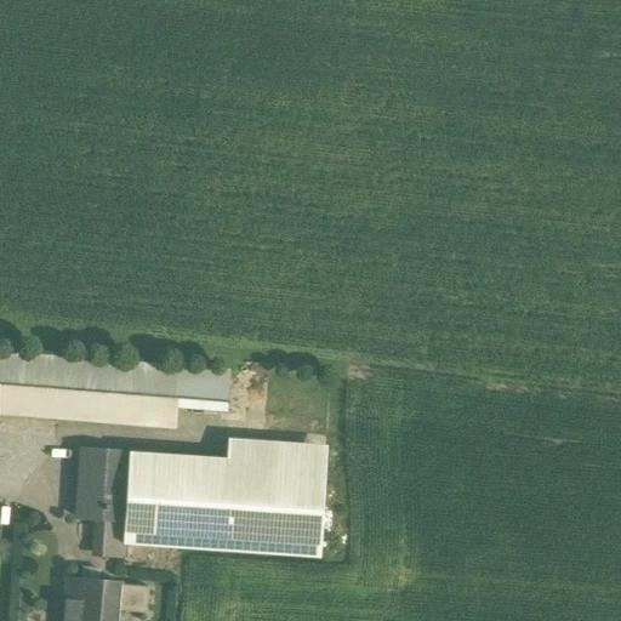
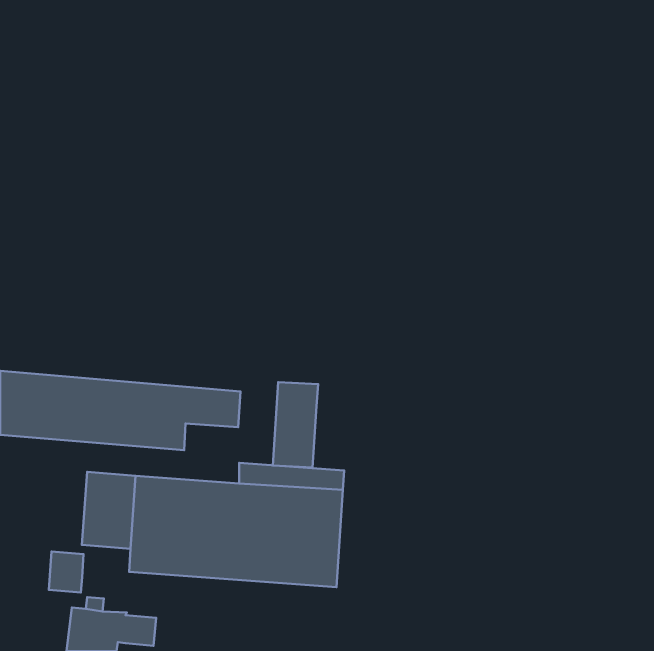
building: none -> [273,382,318,468]
building: [91,518,124,557] -> [49,551,83,592]

